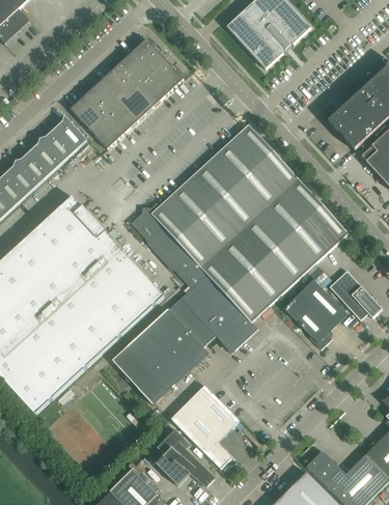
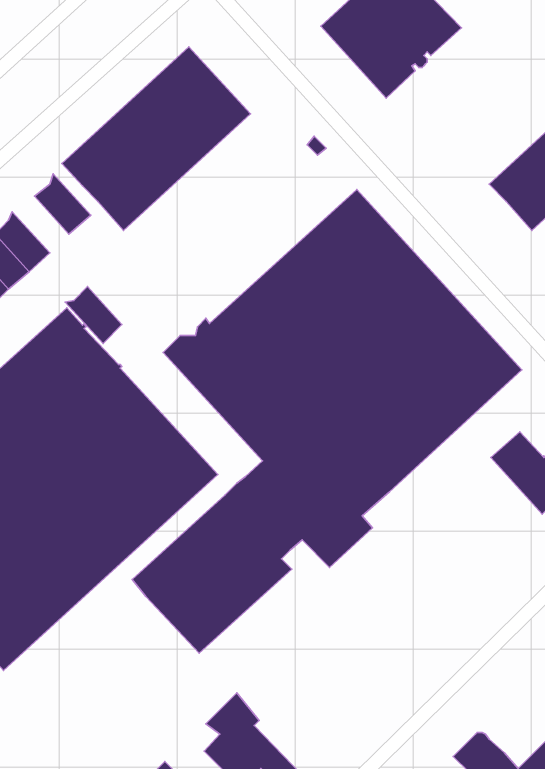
building: [39,128,74,162] -> [65,287,122,343]
building: [283,279,348,348] -> none
building: [170,384,240,468] -> none

